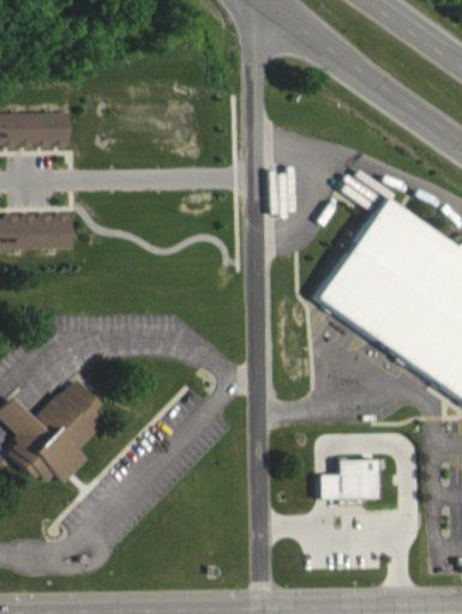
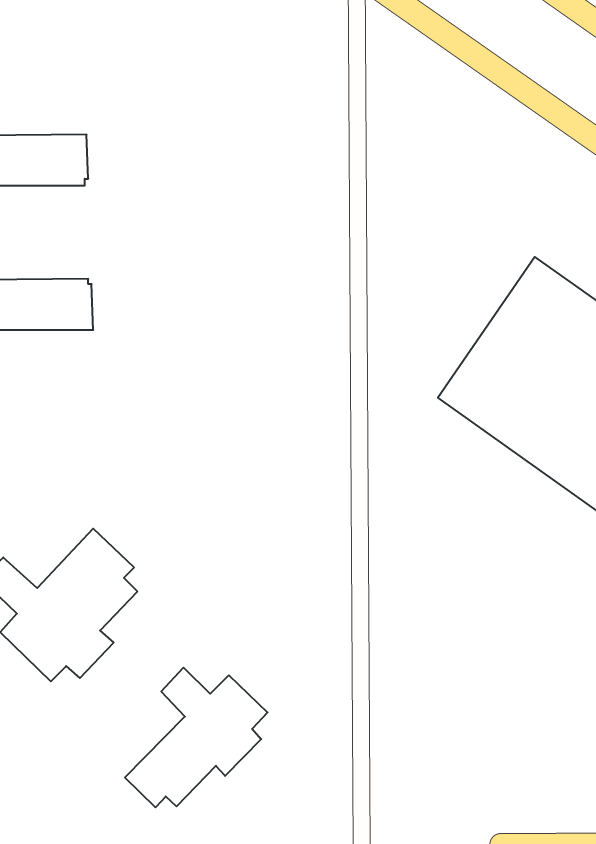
building: [319,469,379,508] -> none
building: none -> [125,668,268,807]

